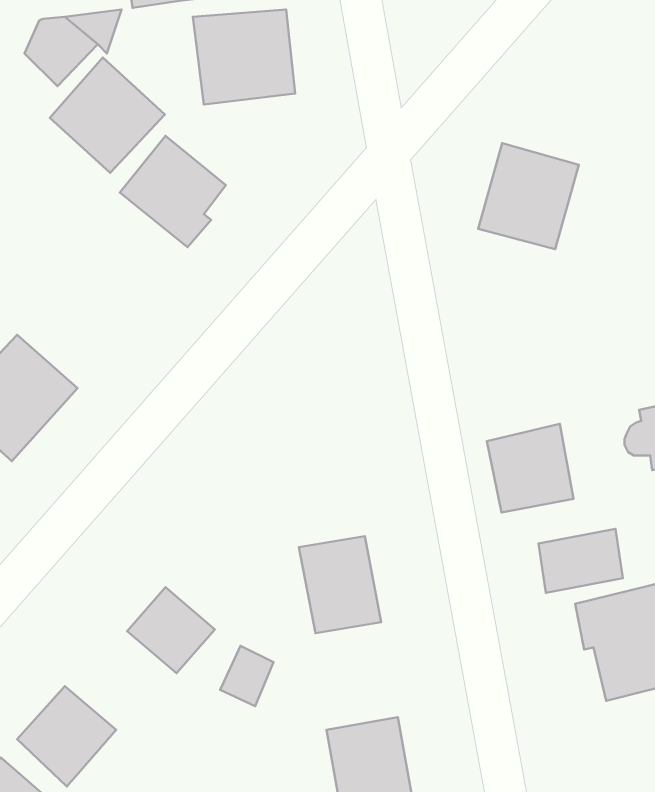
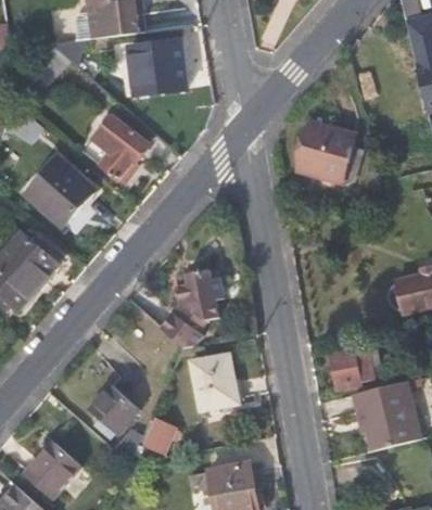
building: [50,58,165,173] -> [27,157,96,226]
building: none -> [162,269,223,347]
building: [487,424,574,513] -> none

